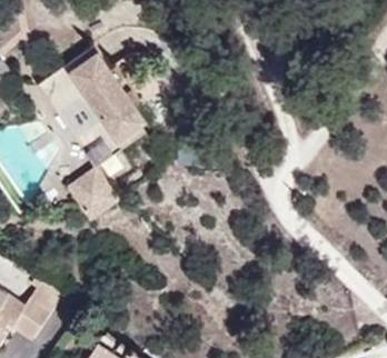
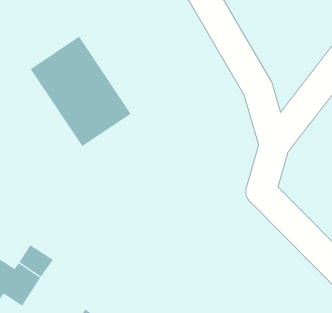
building: [62,167,113,220] -> none

